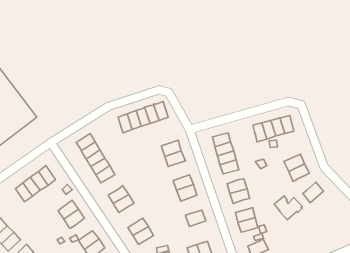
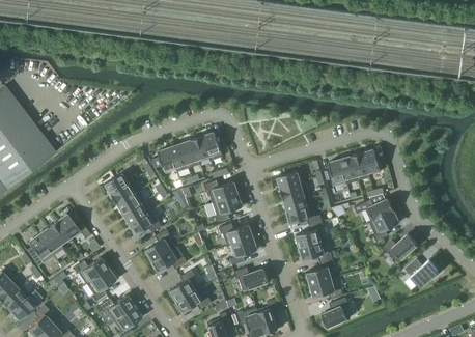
building: [274,196,302,220] -> [403,258,439,288]

